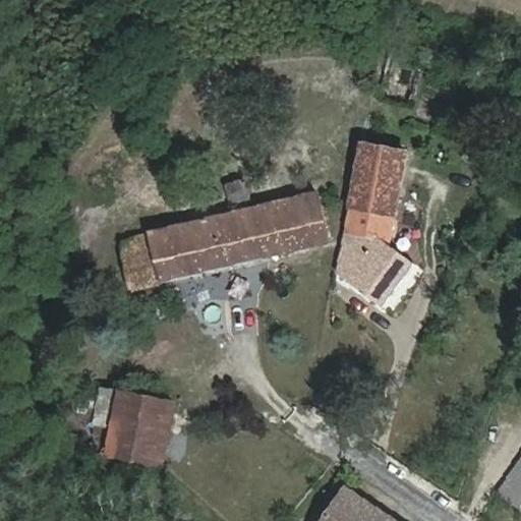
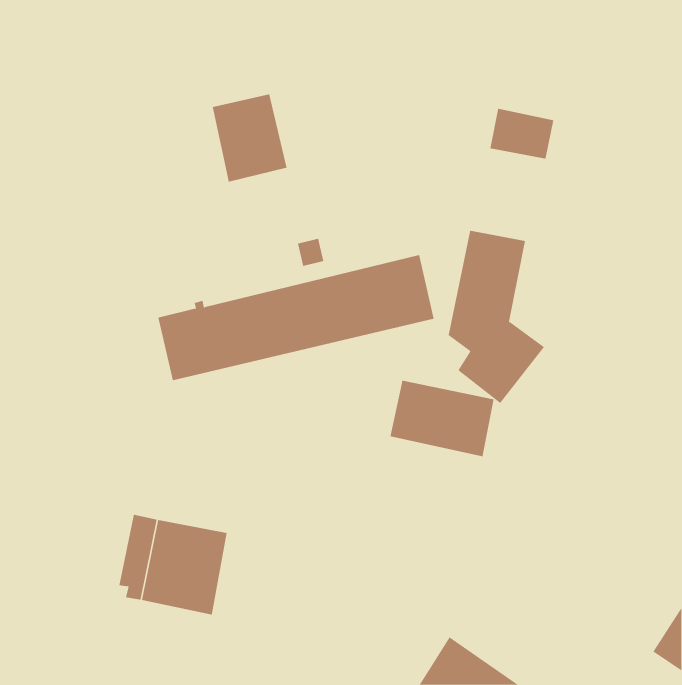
building: none -> [212,93,287,183]
building: [355,143,404,182] -> [490,108,554,159]
building: none -> [390,380,494,457]

